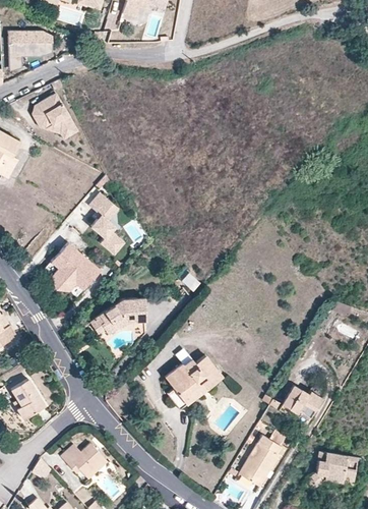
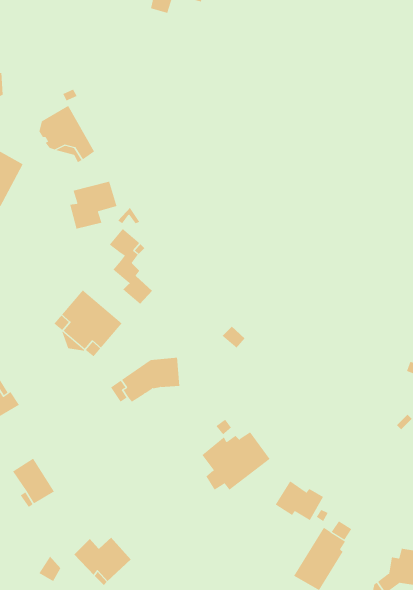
building: [9,29,53,68] -> none
building: none -> [70,181,117,229]
building: [283,385,322,417] -> [275,481,324,521]

